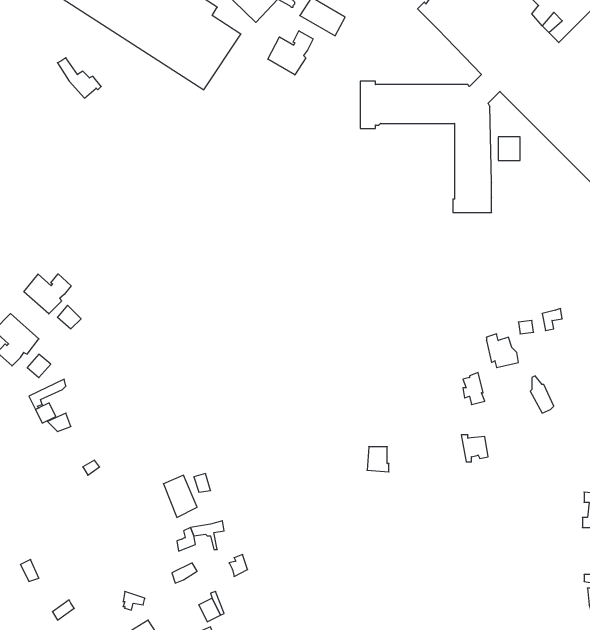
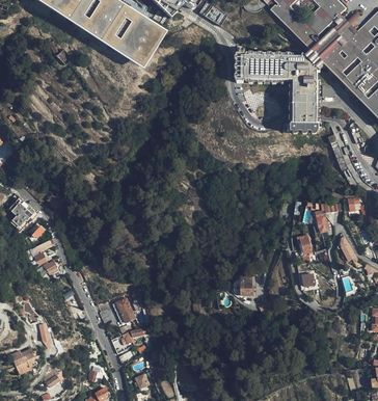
building: [268,31,313,75] -> none
building: [24,274,71,314] -> none

